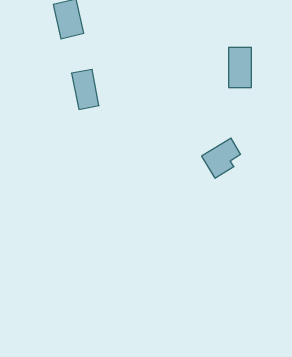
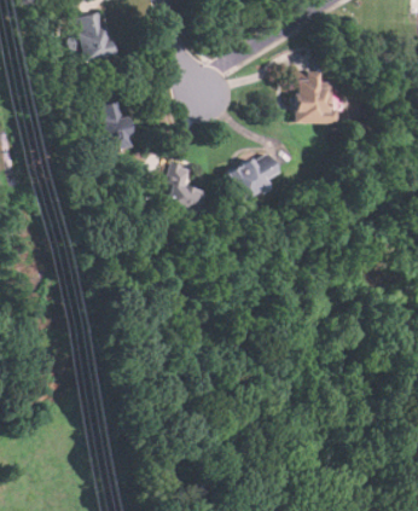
building: none -> [162,161,204,213]
building: [202,138,241,178] -> [228,150,278,201]

